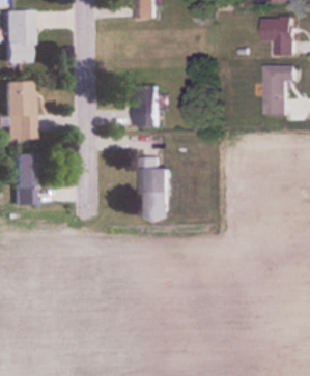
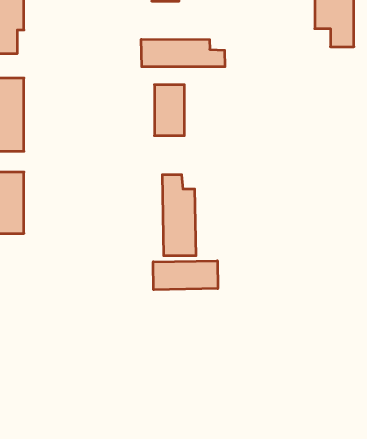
building: none -> [141,39,225,67]
building: [264,67,295,115] -> none
building: none -> [153,261,218,290]

